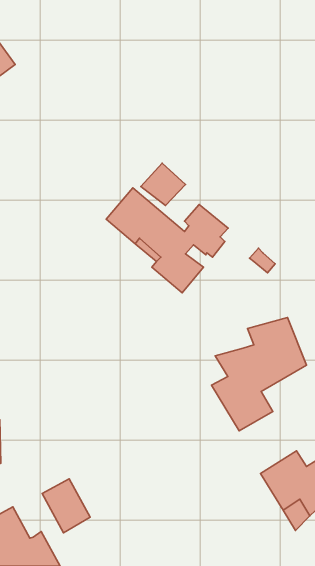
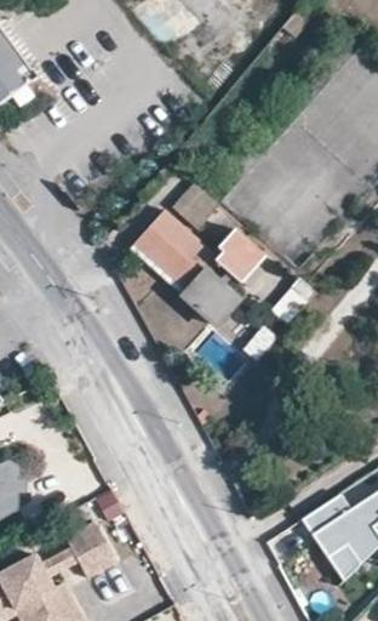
building: [211,317,307,431] -> none

